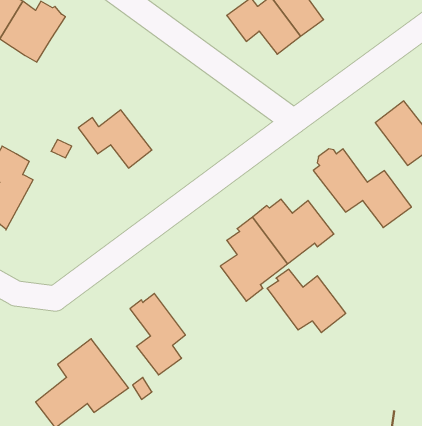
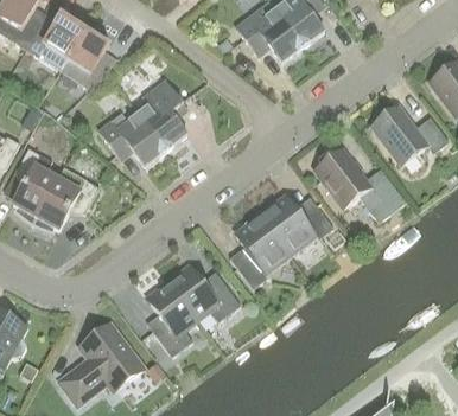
building: none -> [59,27,117,88]
building: none -> [136,78,186,149]
building: none -> [31,177,98,229]
building: [267,269,346,333] -> [167,263,240,321]

